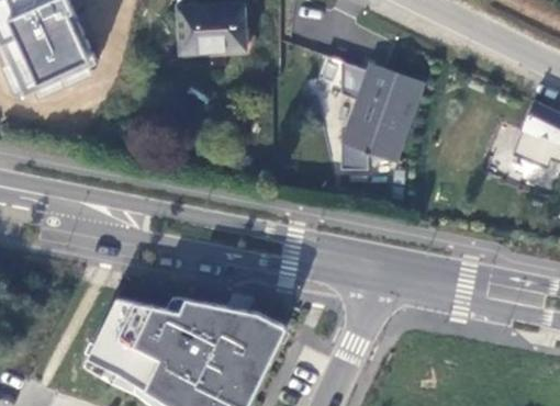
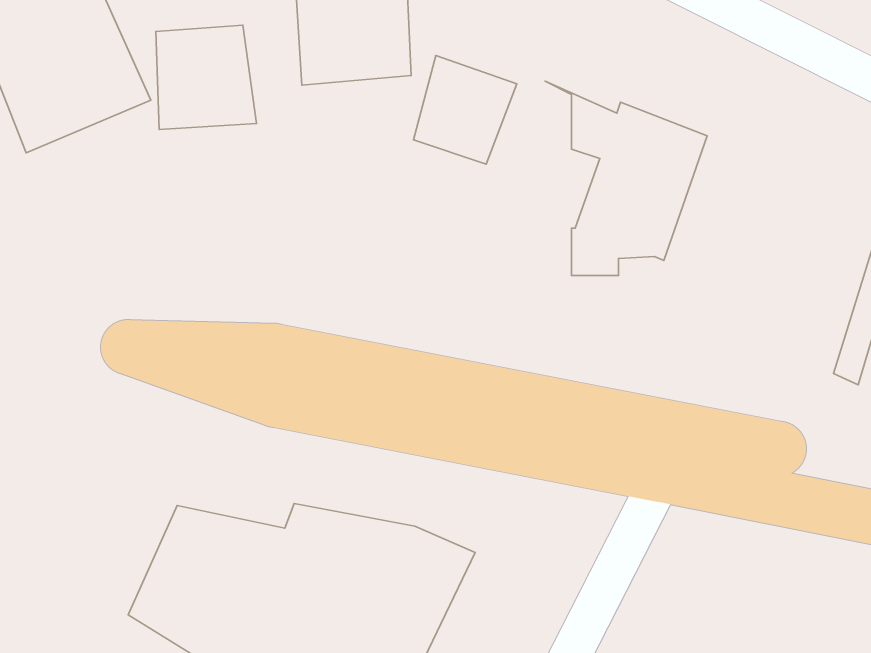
building: none -> [156,25,256,129]
building: none -> [413,56,517,164]

